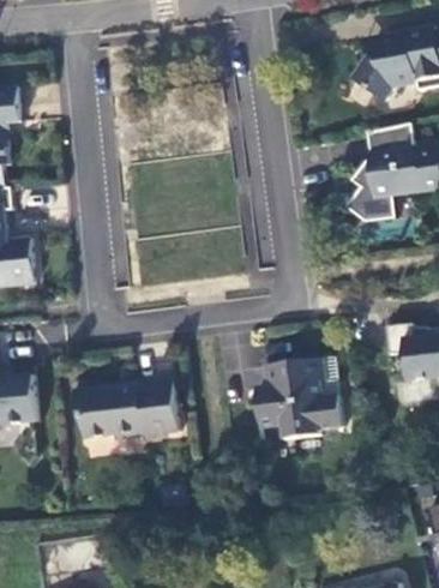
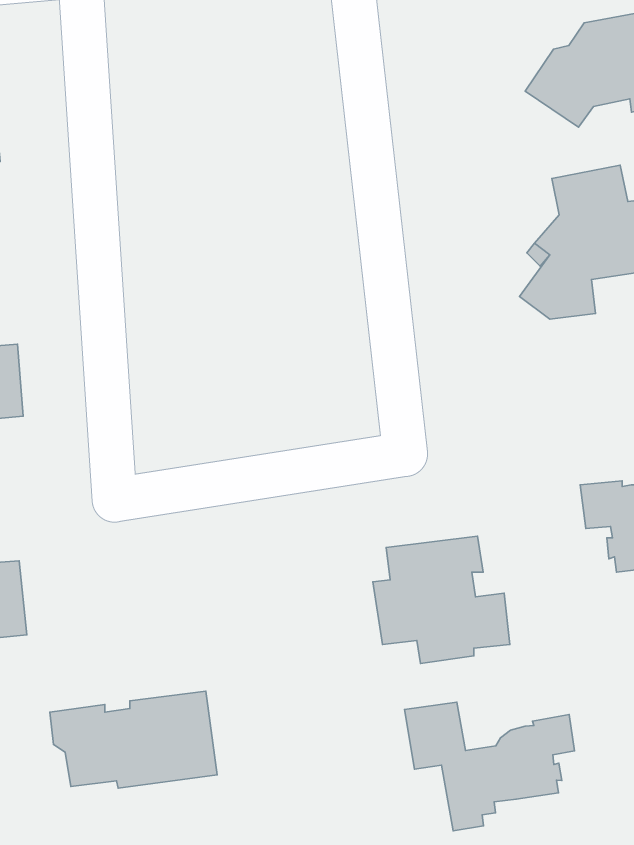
building: [73,378,179,439] -> [50,691,217,788]
building: none -> [404,702,574,831]

